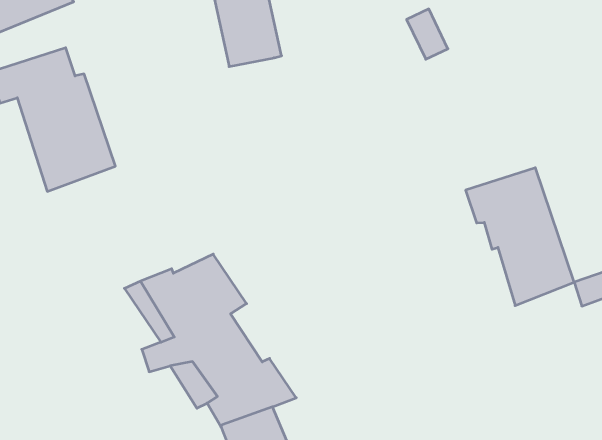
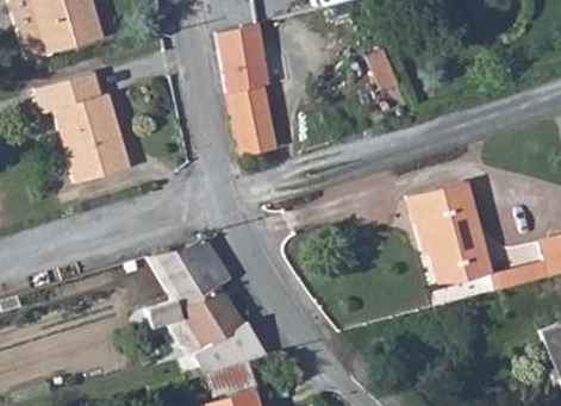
building: none -> [227,85,276,156]

